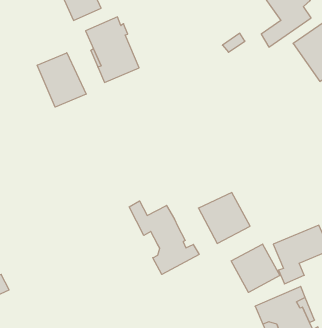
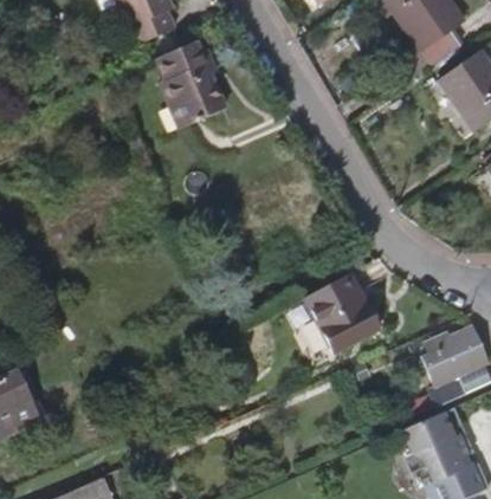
building: [37,53,86,107] -> none
building: [129,201,199,274] -> none
building: [231,244,280,292] -> none

